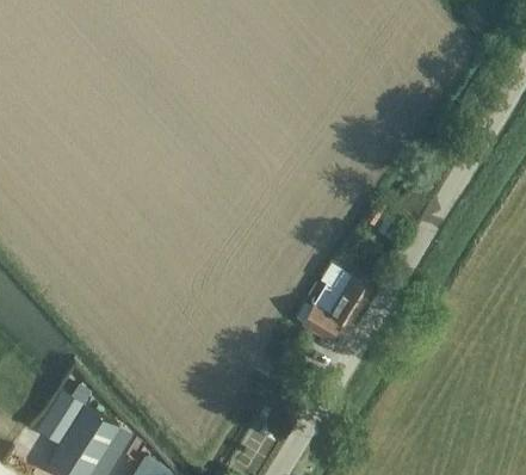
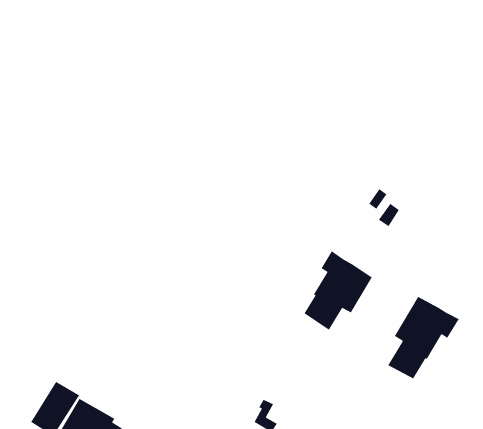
building: none -> [387,296,460,379]

